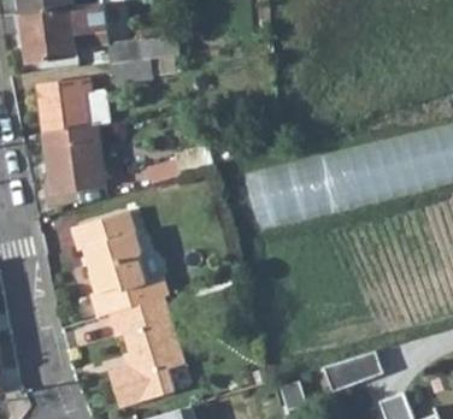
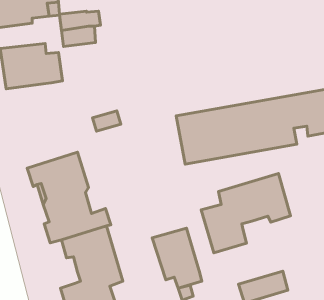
building: [43,126,106,193] -> none
building: none -> [201,173,290,253]
building: none -> [152,228,202,288]

